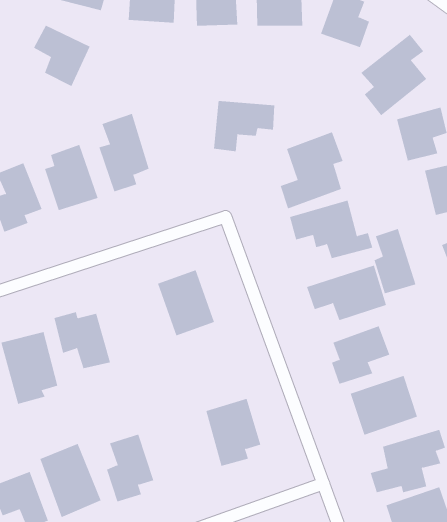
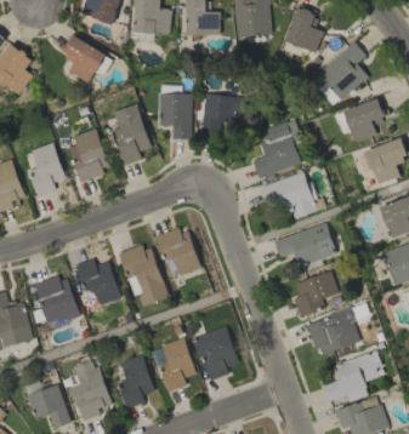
building: none -> [159,92,192,138]
building: [374,228,416,294] -> none
building: none -> [119,244,166,304]
building: none -> [158,337,195,392]

